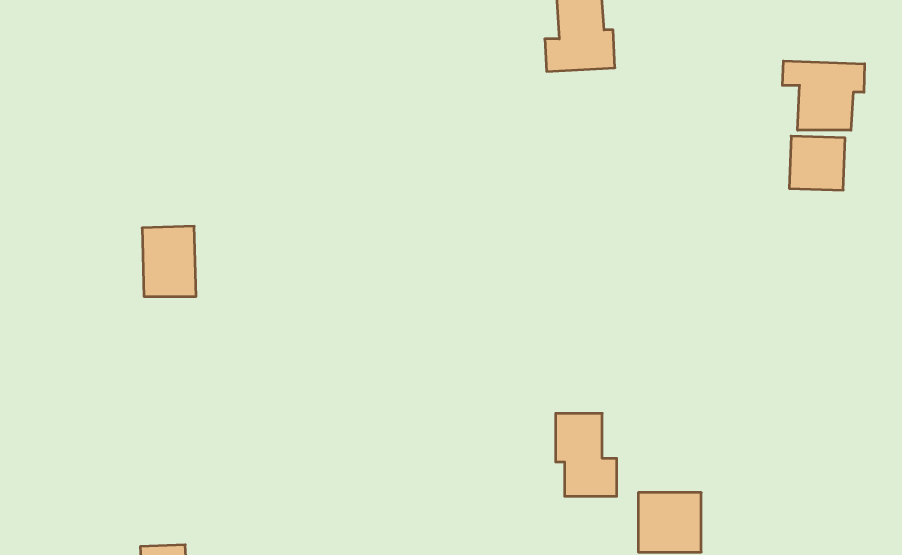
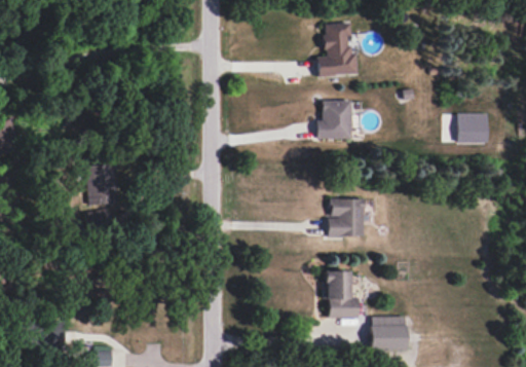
building: [782,61,865,130] -> none
building: none -> [317,101,352,140]
building: none -> [329,198,366,237]

